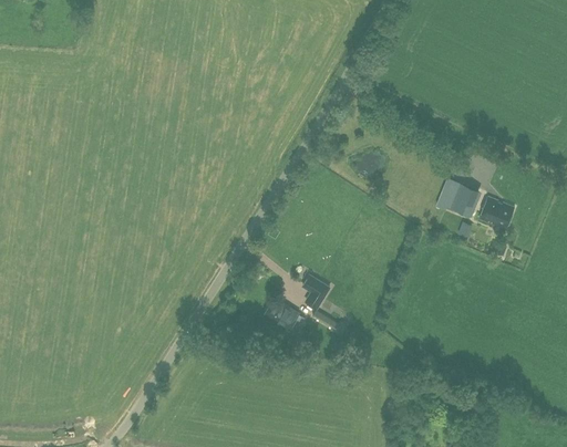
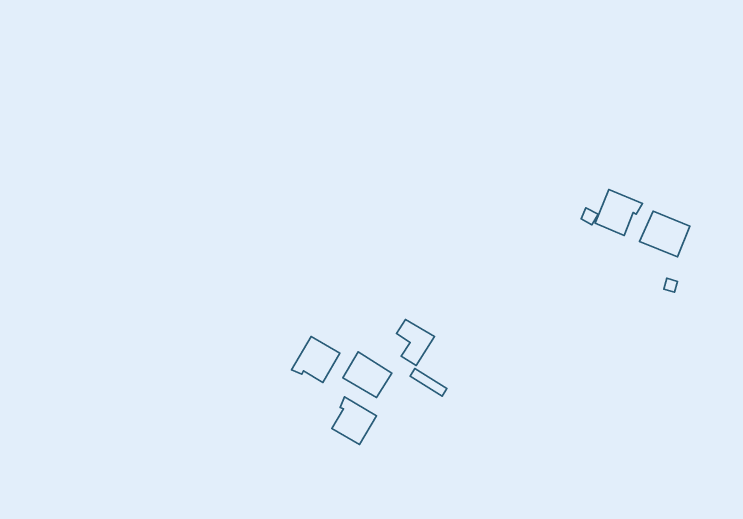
building: none -> [292,336,340,383]
building: none -> [332,397,377,445]

